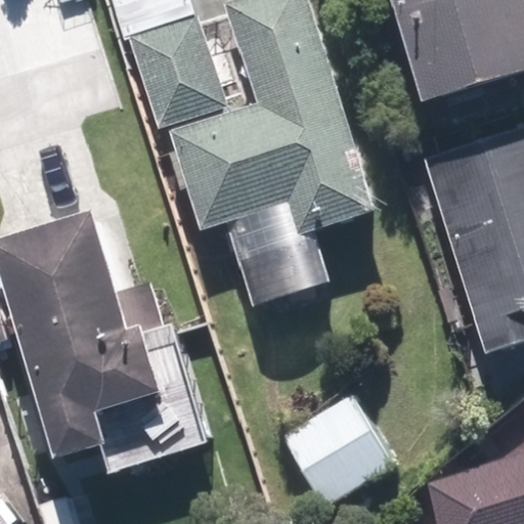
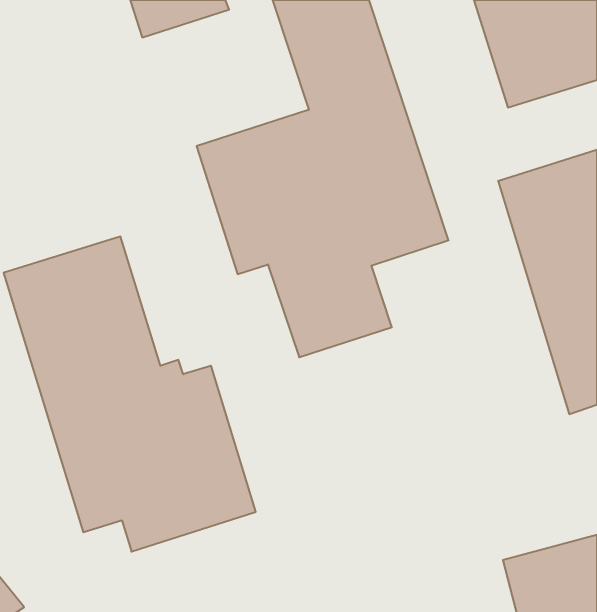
building: [125,18,223,128] -> none
building: [278,392,392,508] -> none

